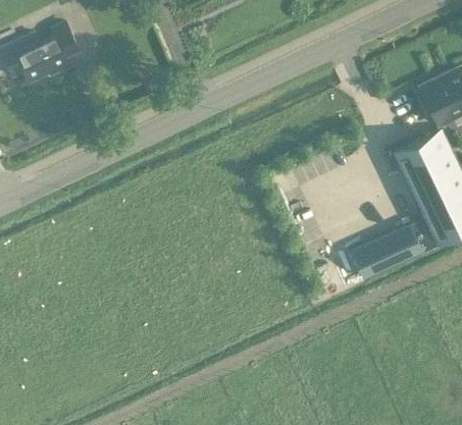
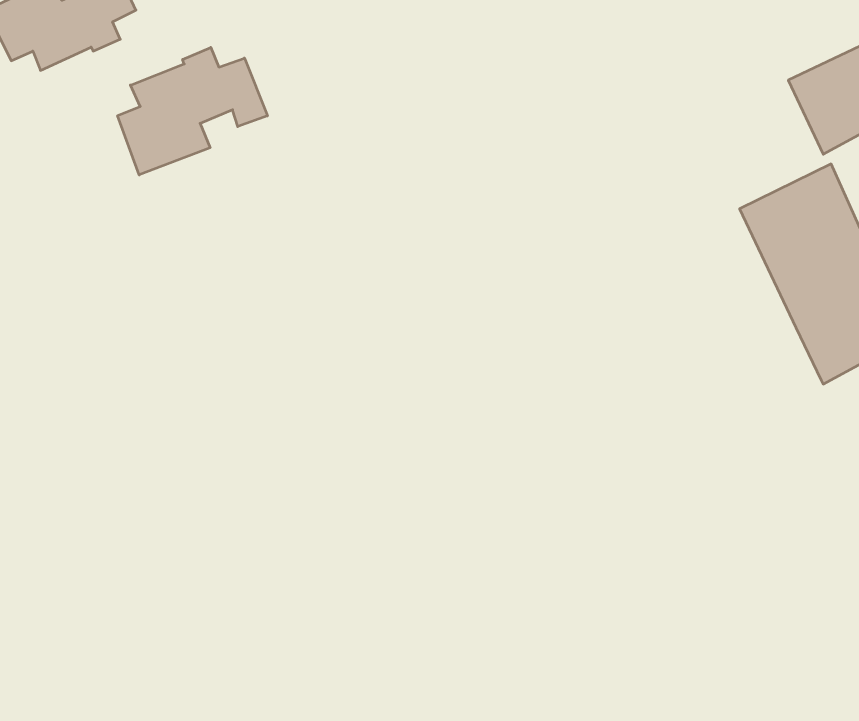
building: none -> [118,47,267,175]
building: [351,217,438,279] -> none

